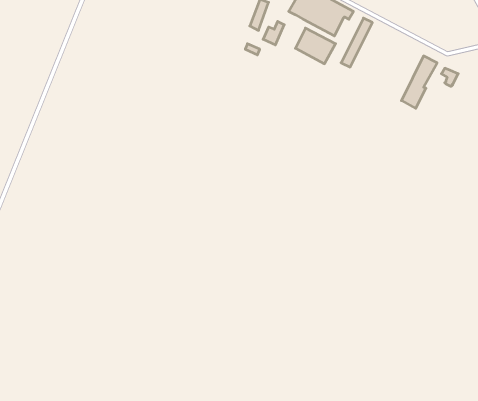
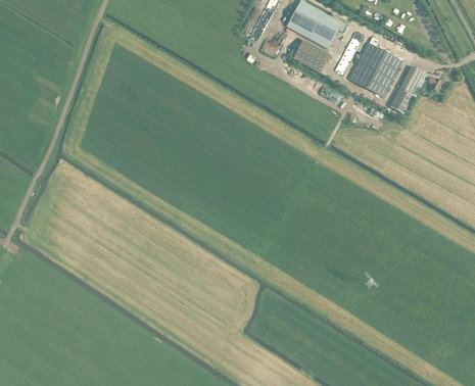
building: none -> [347,37,401,97]

